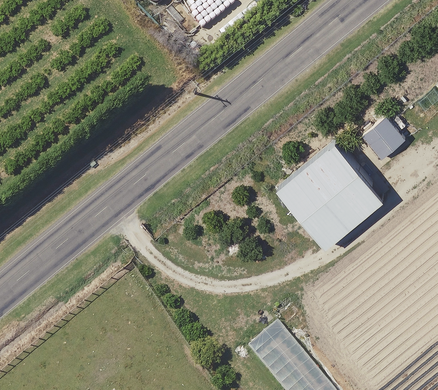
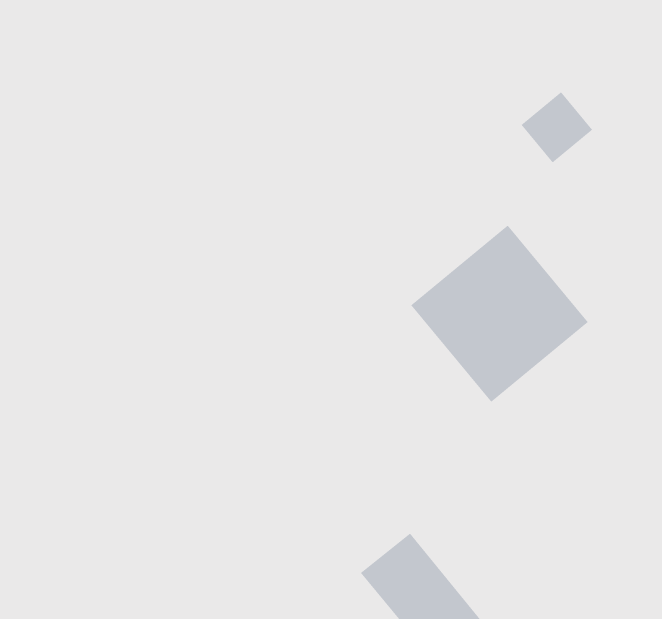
building: [362,115,405,158] -> [521,91,593,163]

